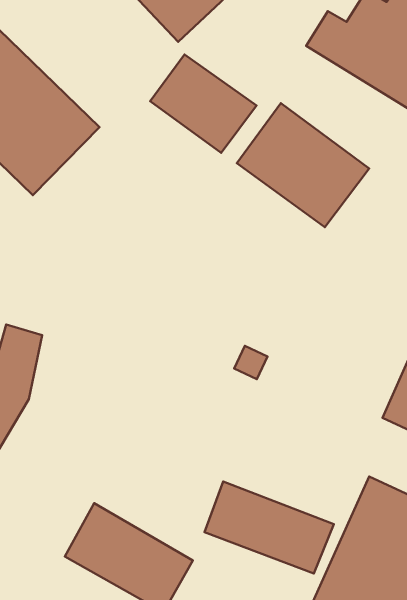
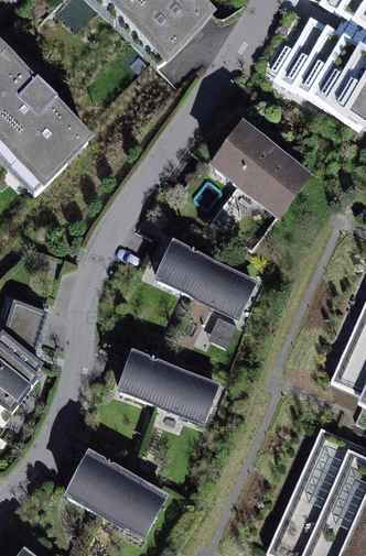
building: [150,54,257,153] -> none
building: none -> [157,241,260,321]
building: [204,482,334,573] -> [118,347,225,423]

